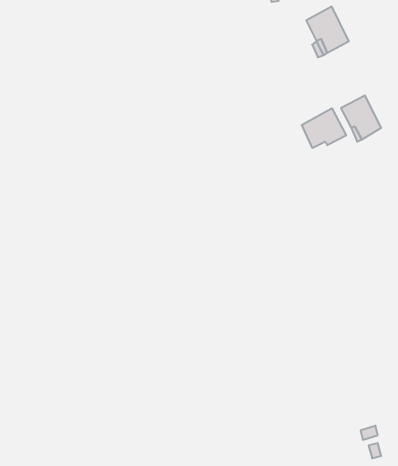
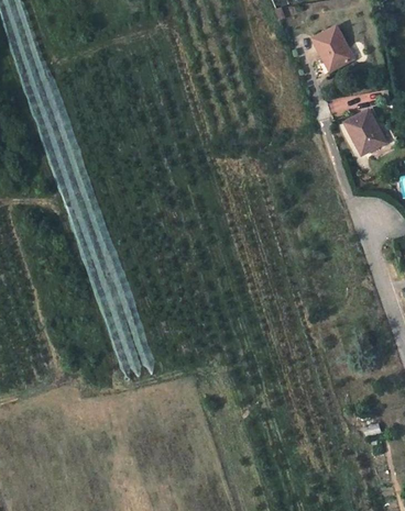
building: [302,108,346,148] -> none

